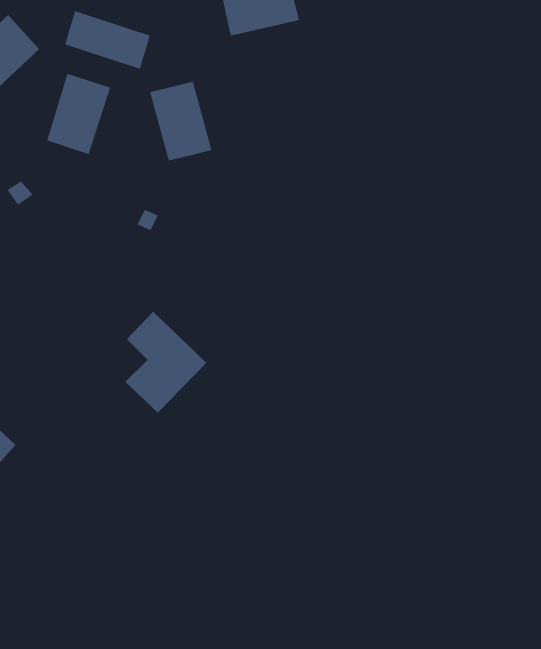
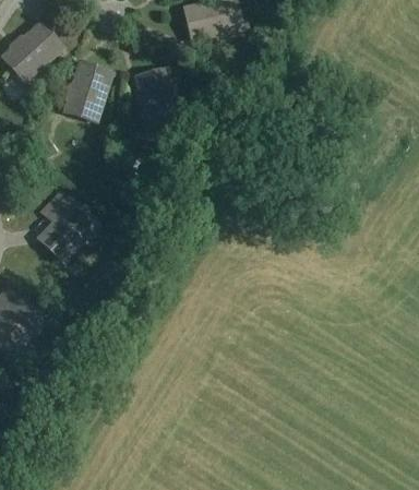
building: [64,10,151,70] -> none
building: [125,311,207,414] -> [39,189,96,260]

